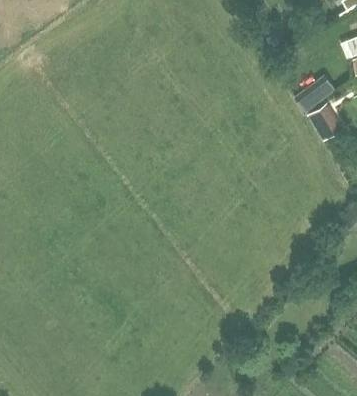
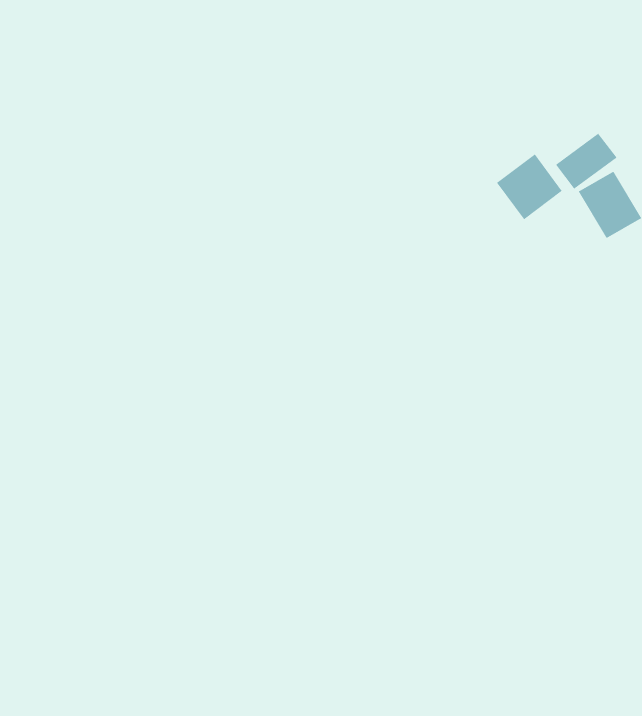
building: none -> [496,153,562,220]

